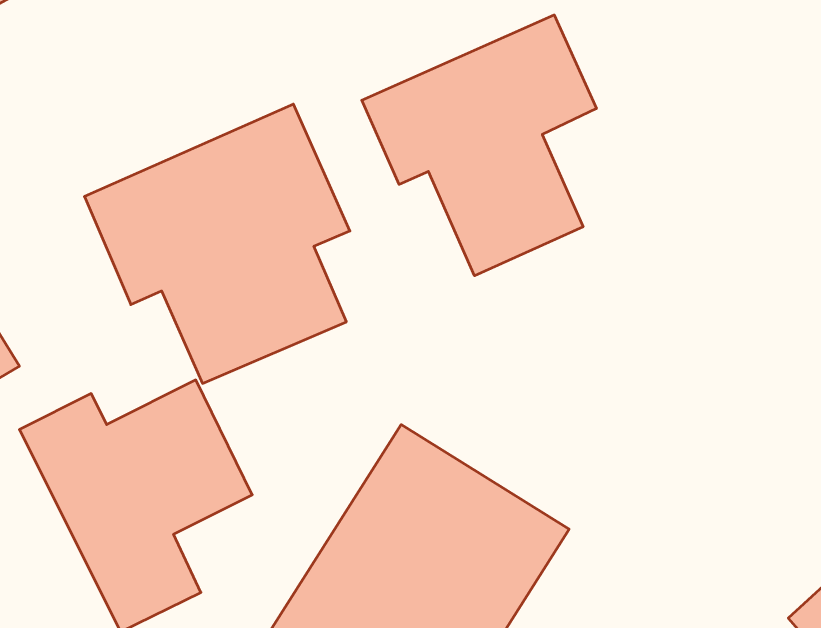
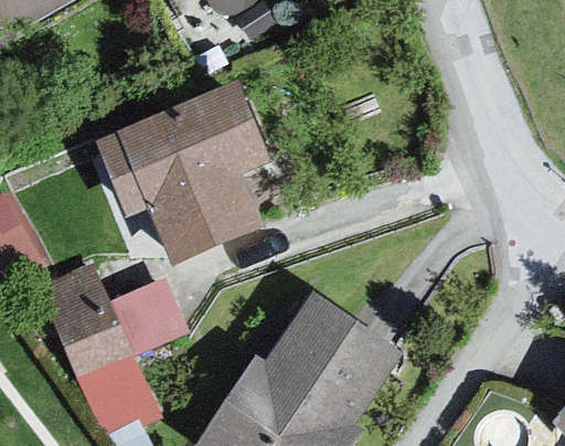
building: [362,15,596,276] -> none

